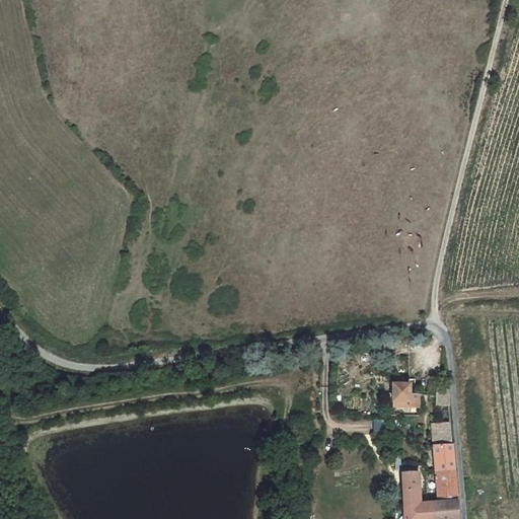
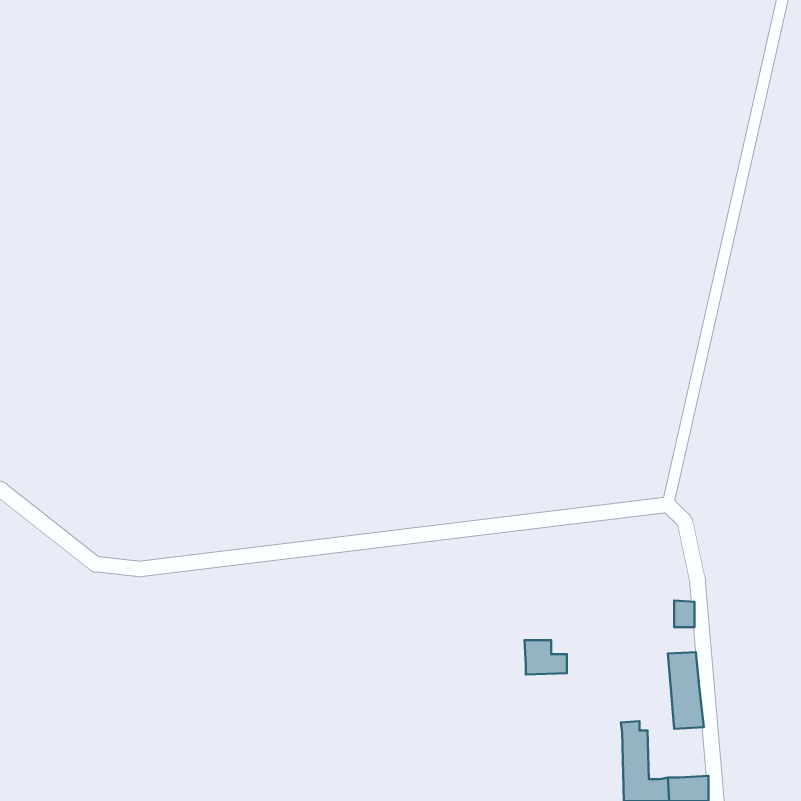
building: [392,385,420,407] -> [524,640,567,675]
building: [436,470,458,503] -> none

